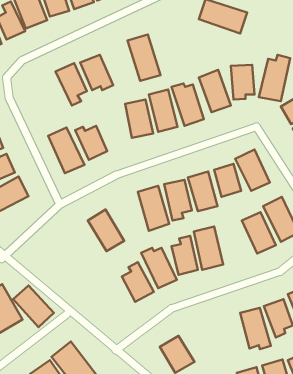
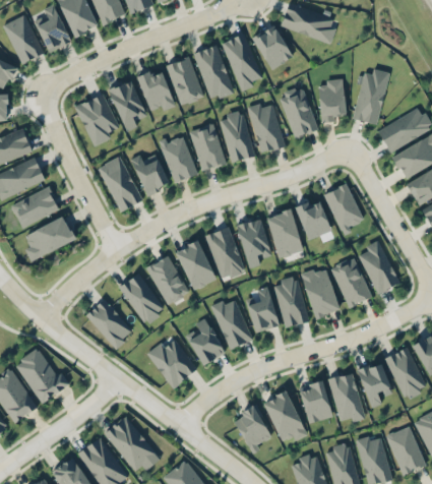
building: none -> [254,25,292,70]
building: none -> [222,34,262,92]
building: none -> [166,56,203,105]
building: none -> [75,94,120,147]
building: none -> [161,135,198,183]
building: none -> [175,240,218,291]
building: none -> [304,271,340,315]
building: none -> [119,274,166,325]
building: none -> [147,341,197,388]
building: [13,286,54,327] -> [85,299,134,349]
building: none -> [300,381,332,424]
building: none -> [264,391,307,442]

